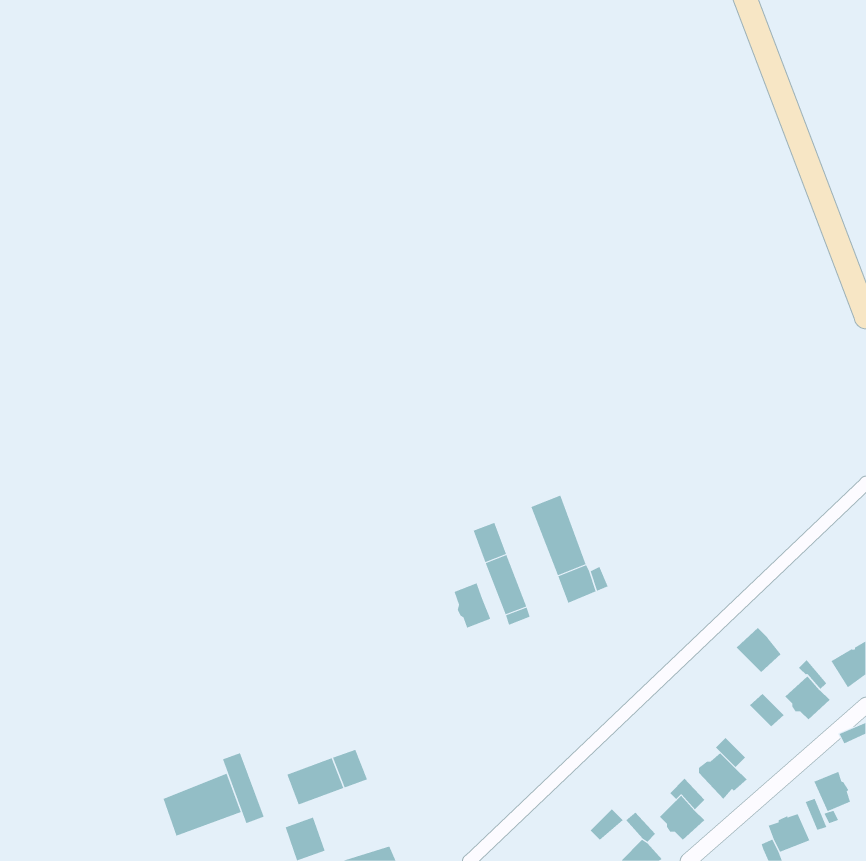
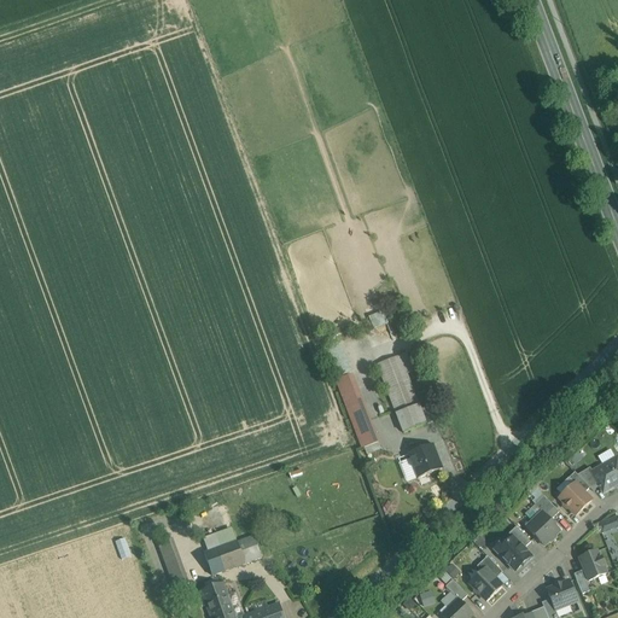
building: [454,582,492,629] -> none
building: none -> [408,442,441,476]
building: [736,627,782,673] -> [526,511,559,543]
building: [163,773,242,836] -> none

